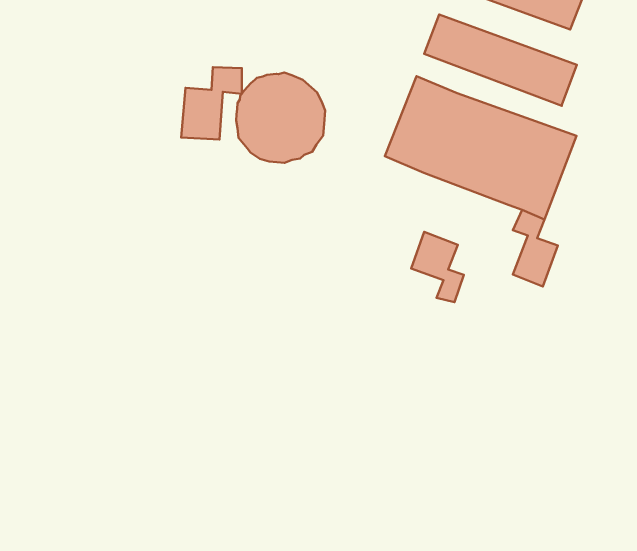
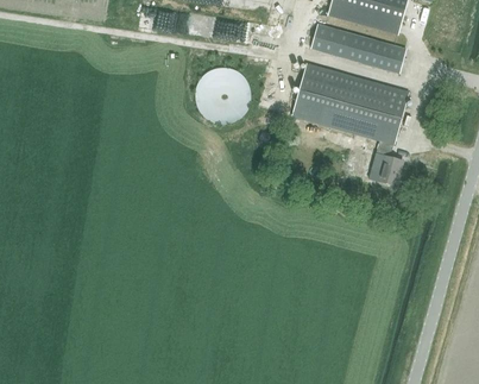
building: [181,67,242,139] -> none
building: [411,232,464,302] -> none

